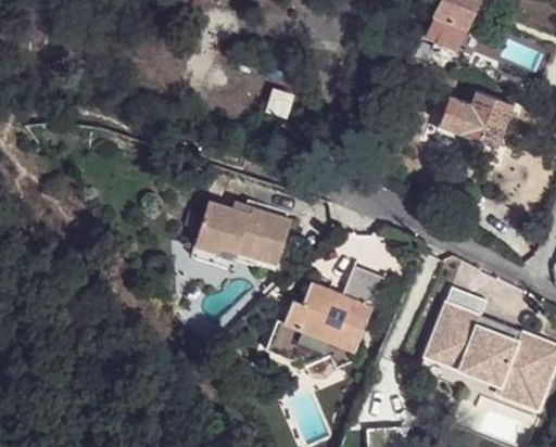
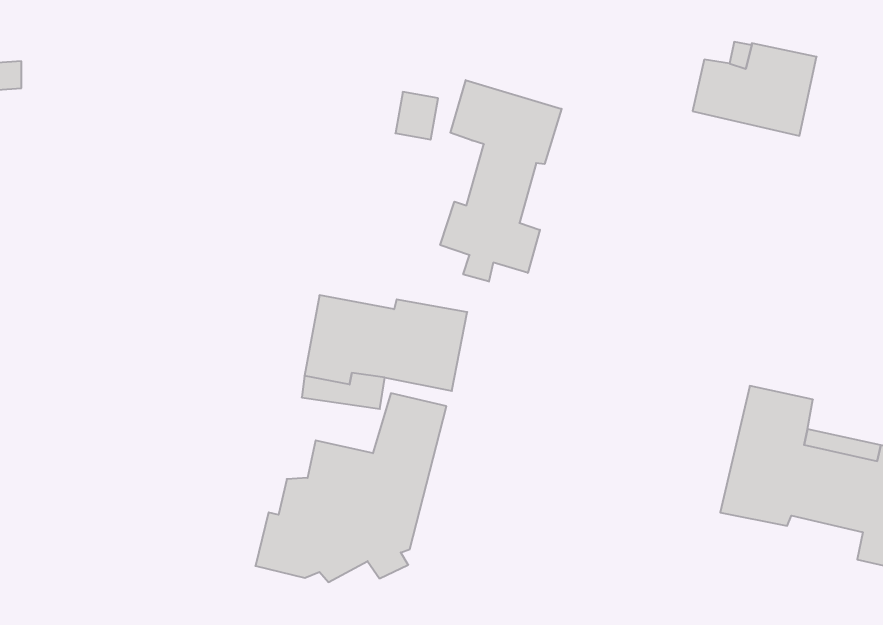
building: none -> [440,80,562,282]
building: [267,263,389,367] -> [255,393,446,582]

